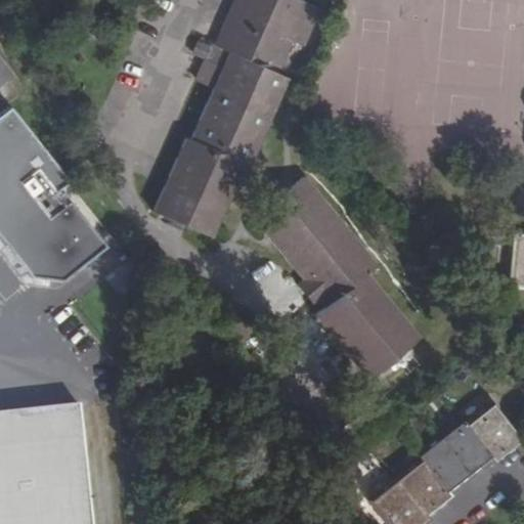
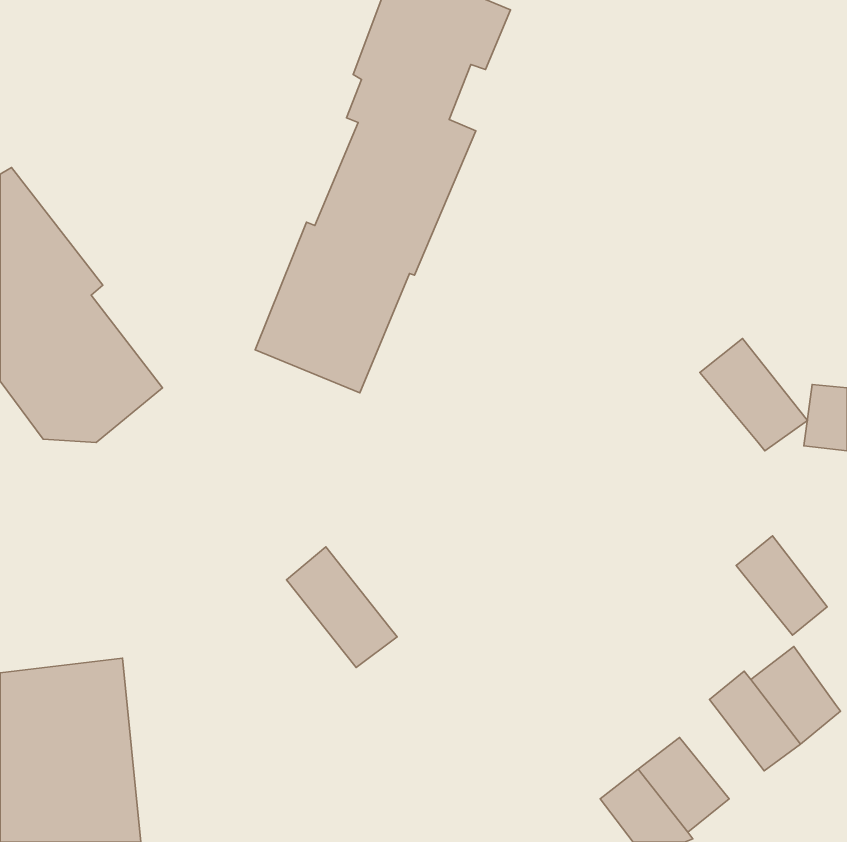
building: [253,175,410,381] -> none
building: none -> [700,339,807,451]
building: none -> [287,547,397,668]
building: [416,432,472,493] -> [736,536,827,635]

